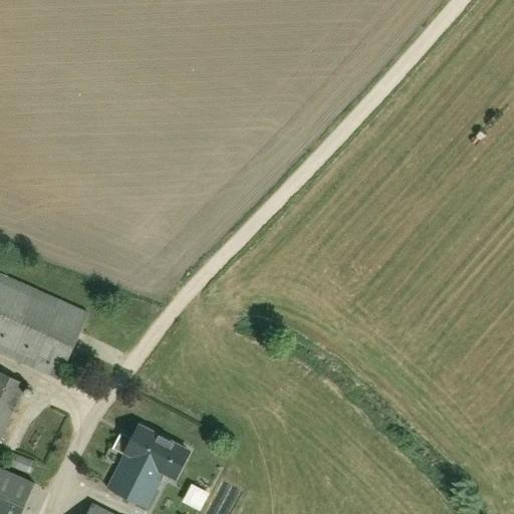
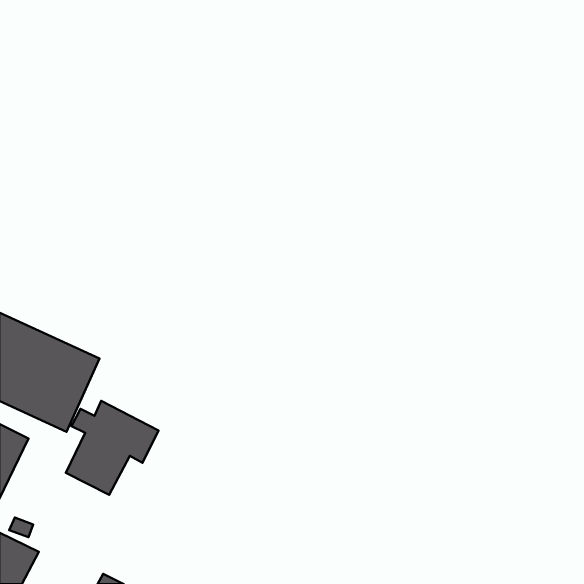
building: [107,425,189,507] -> [66,401,159,495]

